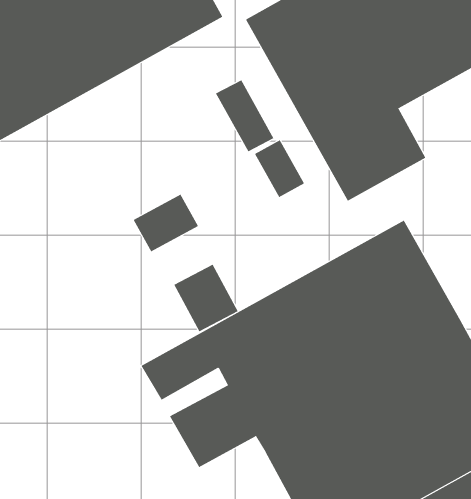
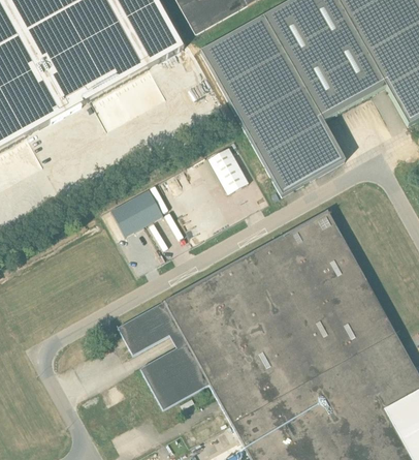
building: [215,79,274,152] -> none
building: [173,264,239,332] -> none

